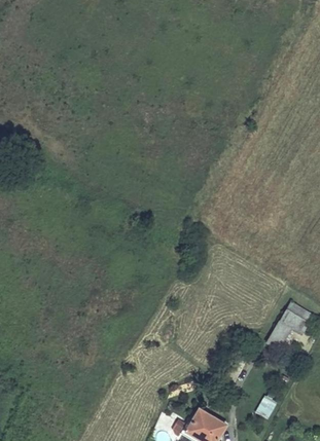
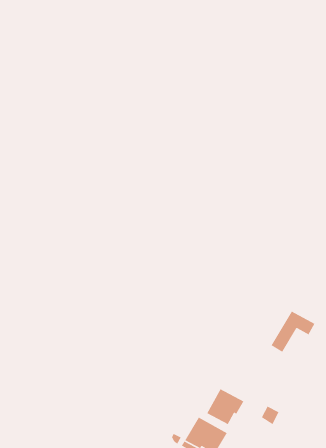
building: none -> [206,388,244,425]

